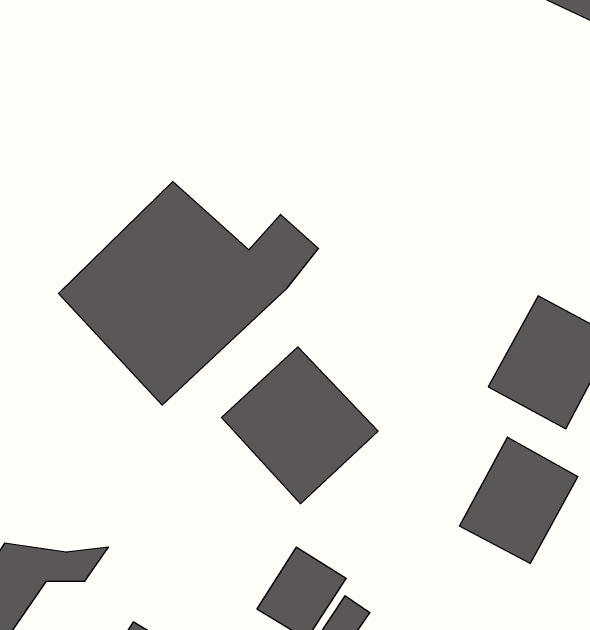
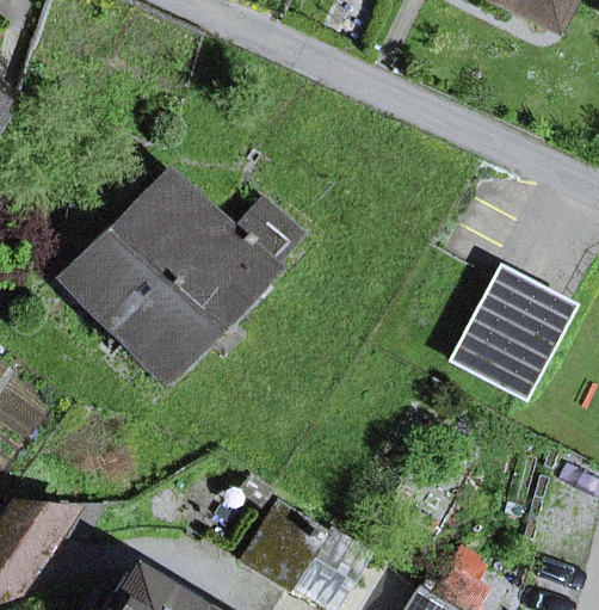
building: [222,347,378,504] -> none
building: [459,437,578,564] -> none

